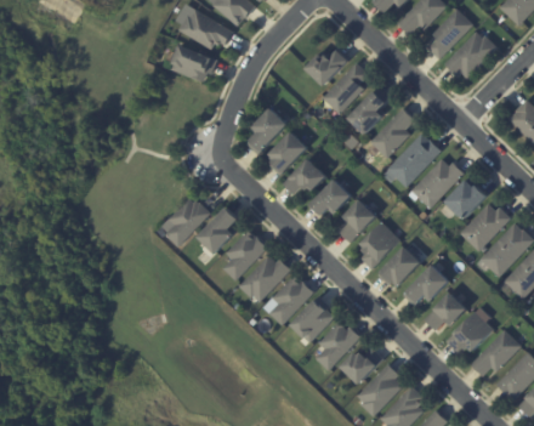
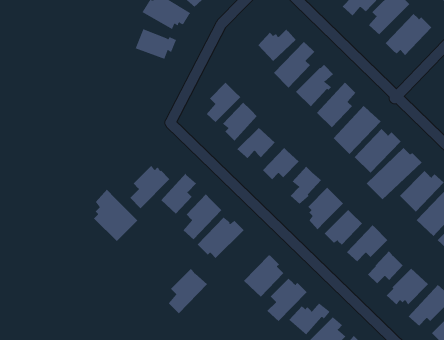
building: none -> [93,189,138,242]
building: [269,274,313,325] -> [168,268,208,314]

